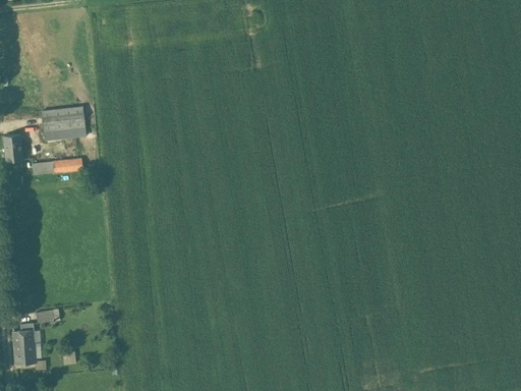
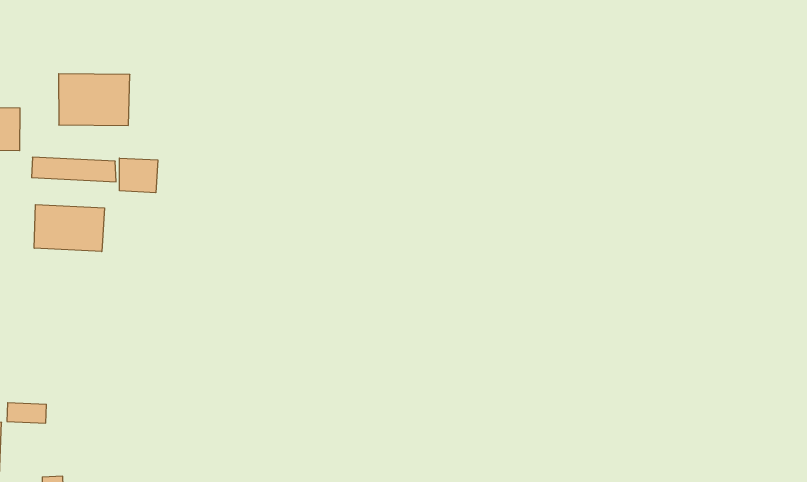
building: none -> [119,158,158,193]
building: none -> [34,205,104,252]

